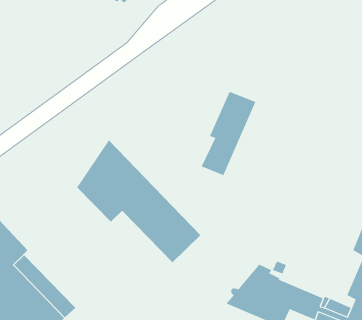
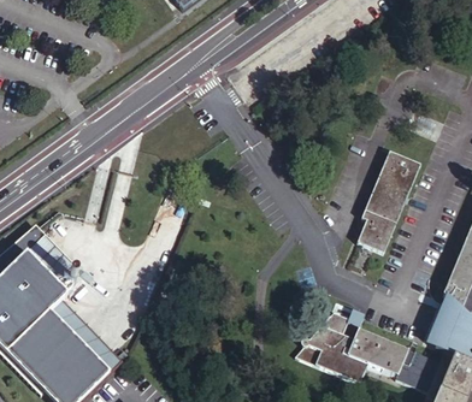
building: [201,91,256,176] -> [359,152,423,249]
building: [76,140,201,263] -> none

